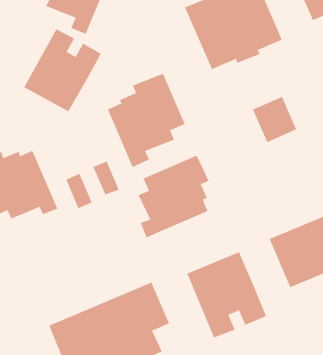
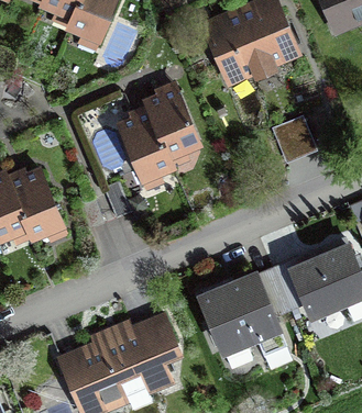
building: [23,29,101,112] -> none
building: [138,155,209,238] -> none
building: none -> [256,265,304,316]

